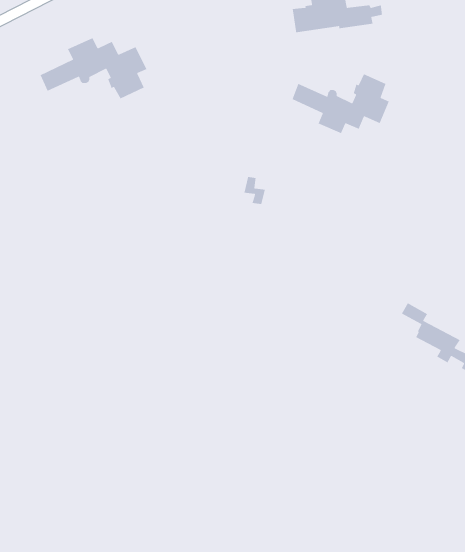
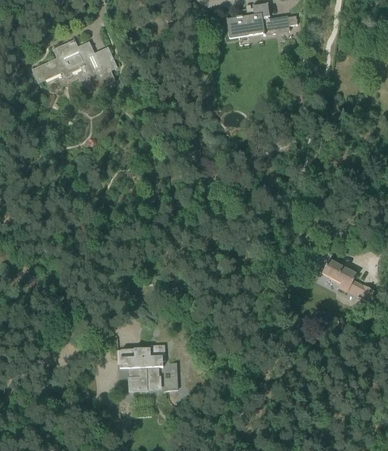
building: [291,73,390,134] -> none
building: none -> [115,345,177,390]

